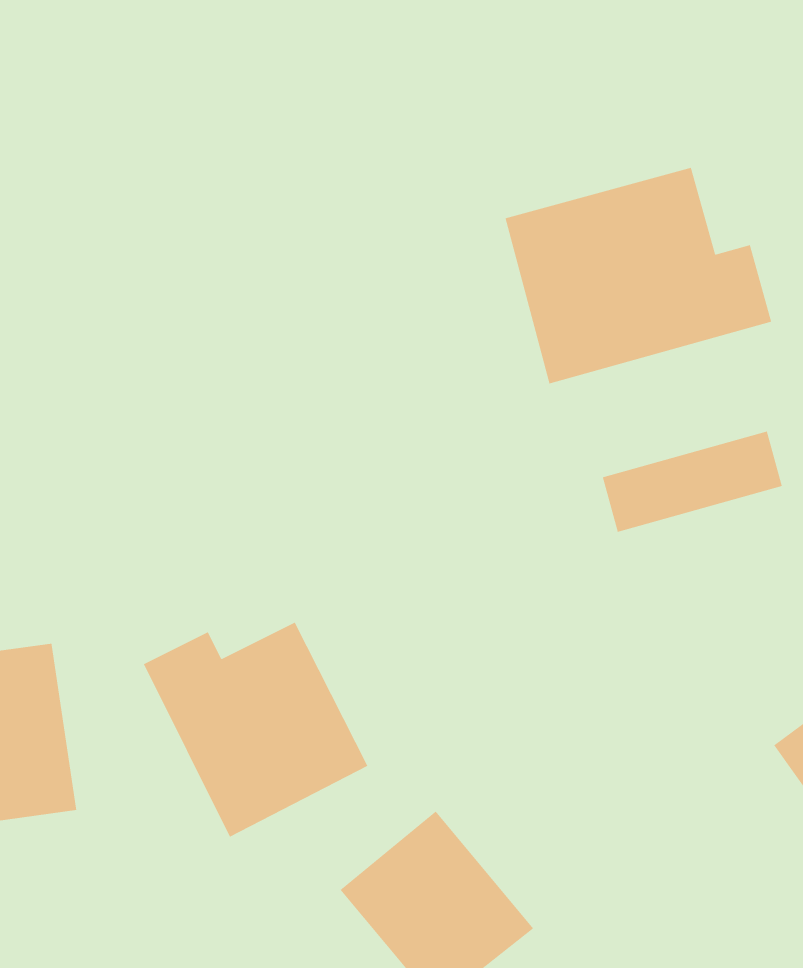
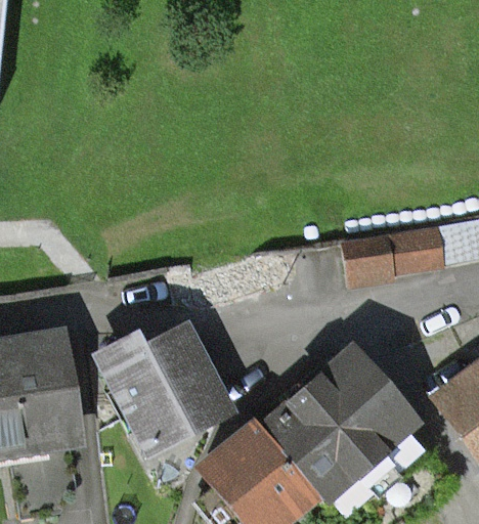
building: [505,167,772,384] -> none
building: none -> [256,351,407,499]

